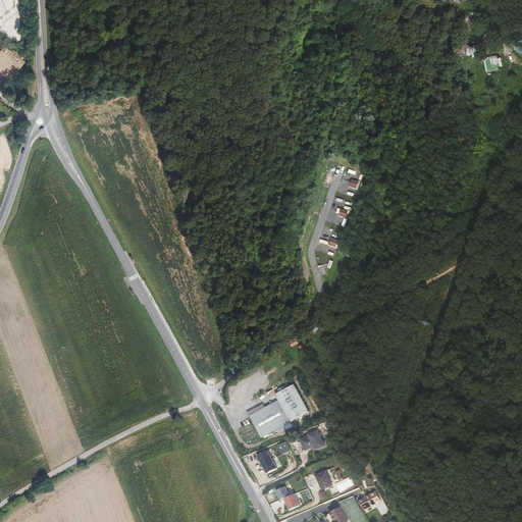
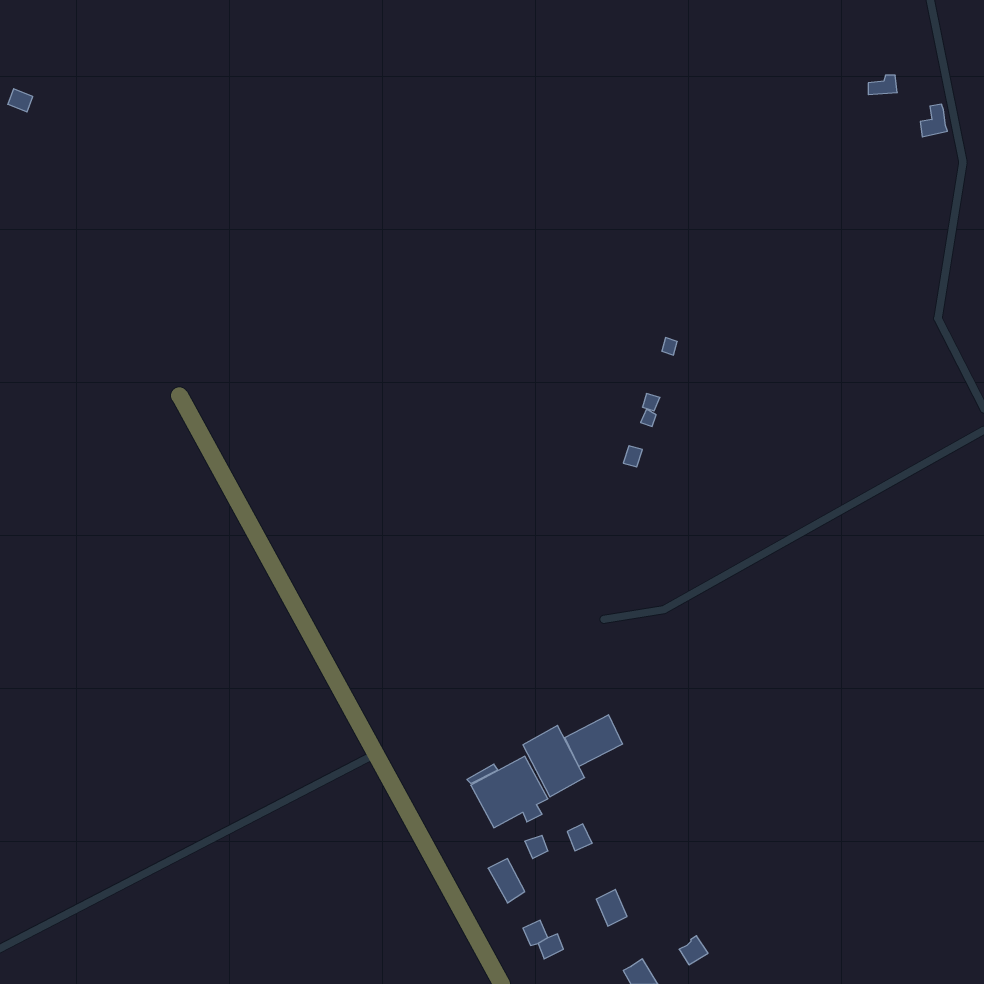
building: none -> [565,715,623,767]

